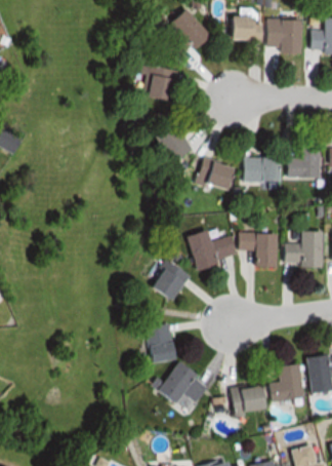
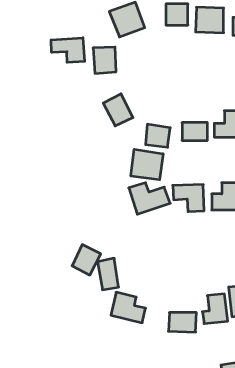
building: none -> [51,38,85,62]
building: none -> [131,149,163,180]
building: [152,263,186,300] -> [72,245,101,275]

